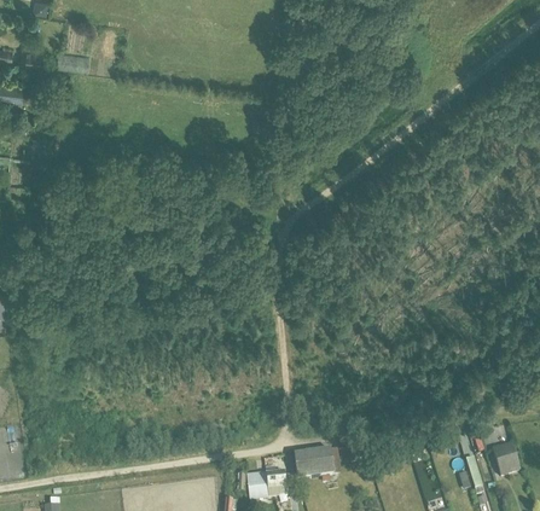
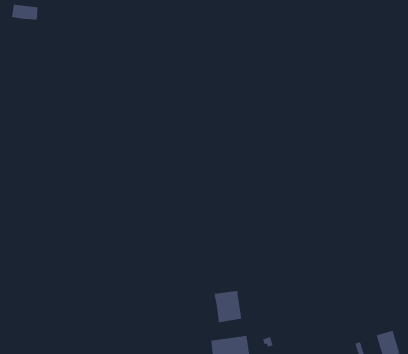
building: none -> [214,290,242,323]

